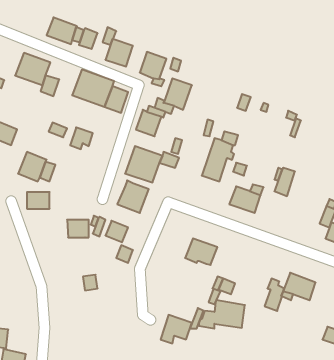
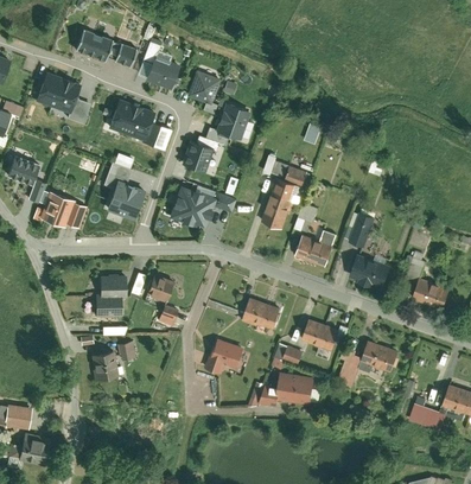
building: [117,180,149,213] -> [107,183,145,222]
building: [27,192,50,209] -> [94,297,121,317]
building: none -> [350,254,392,289]
building: none -> [301,319,339,351]
building: none -> [94,352,119,381]
building: [161,315,192,343] -> [206,339,244,374]

